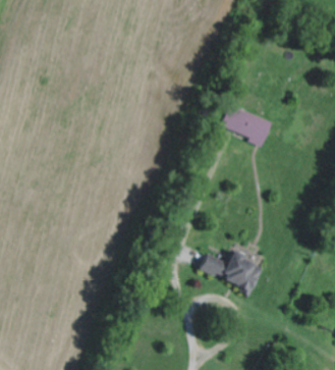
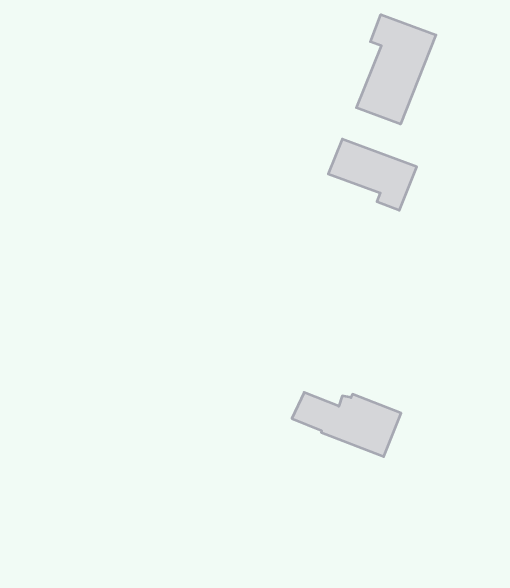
building: none -> [356,15,436,124]

